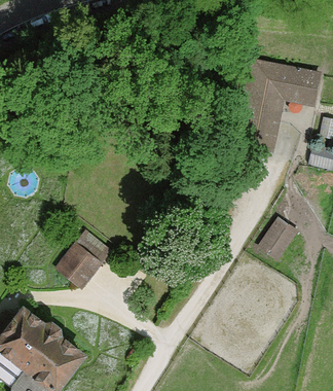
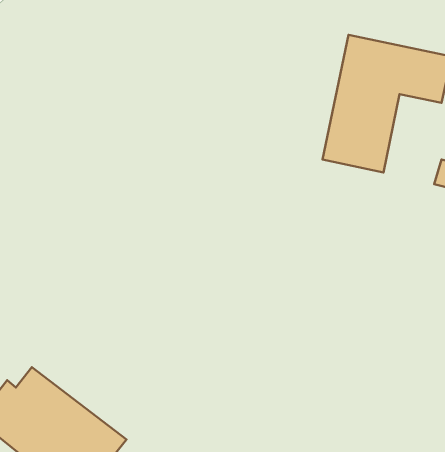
building: [259,216,298,258] -> none
building: [56,228,112,287] -> none

